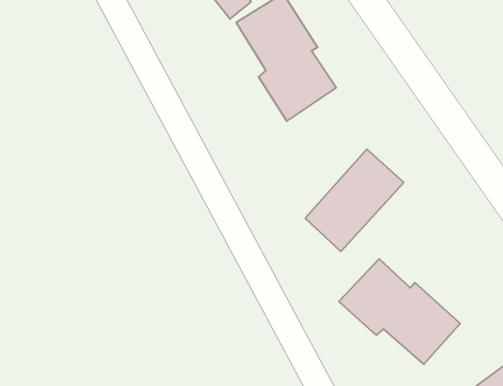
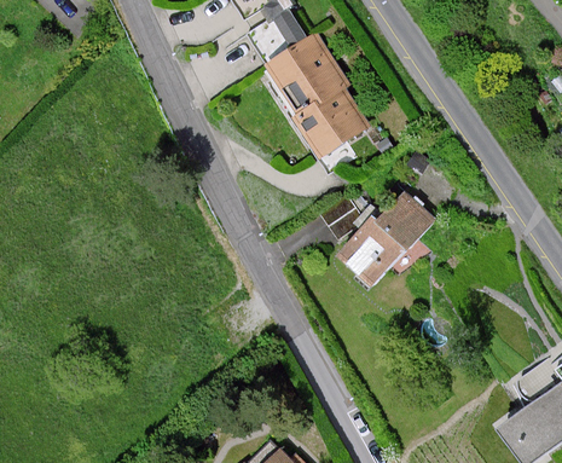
building: [339,259,460,364] -> none

